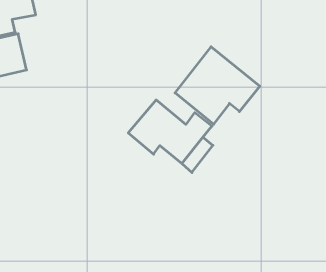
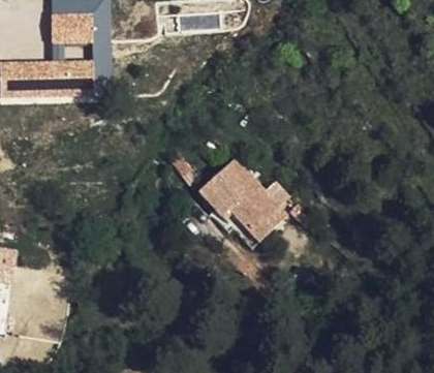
building: [175,47,260,124] -> none

